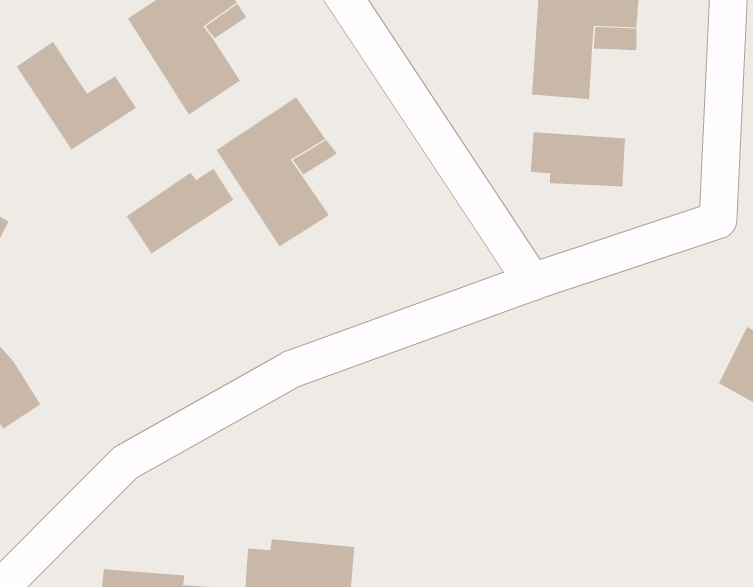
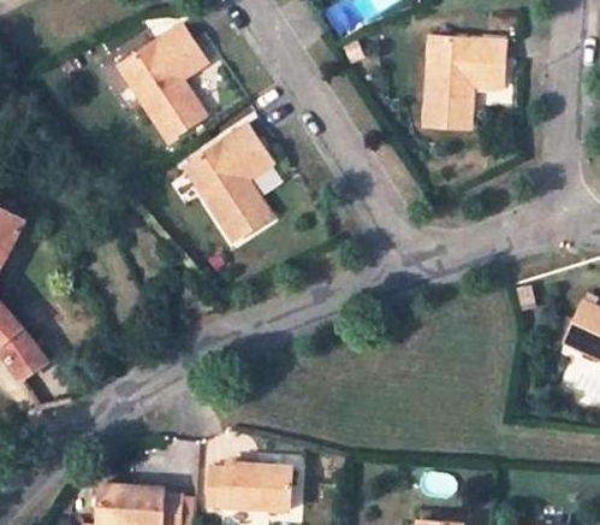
building: [16,41,137,151] -> none
building: [530,132,626,187] -> none
building: [126,168,234,254] -> none

